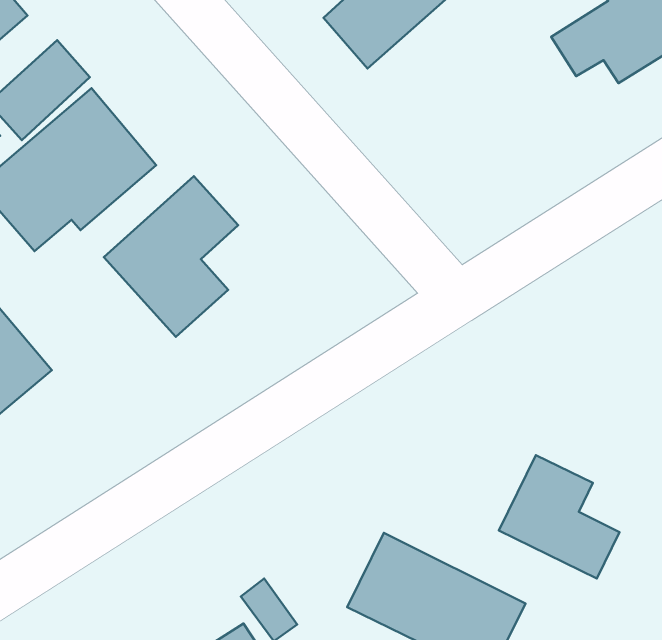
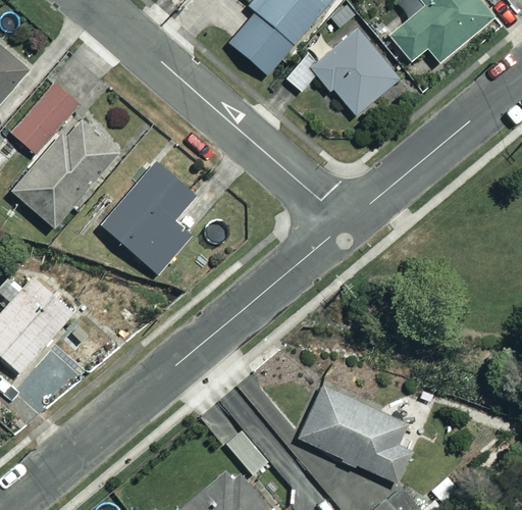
building: none -> [284,28,399,115]
building: [499,455,620,579] -> none

